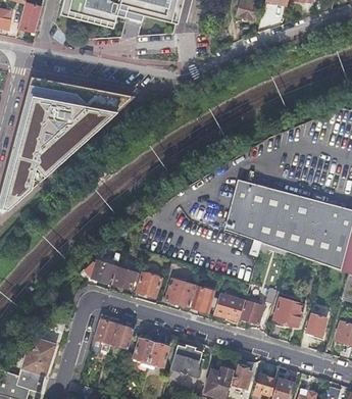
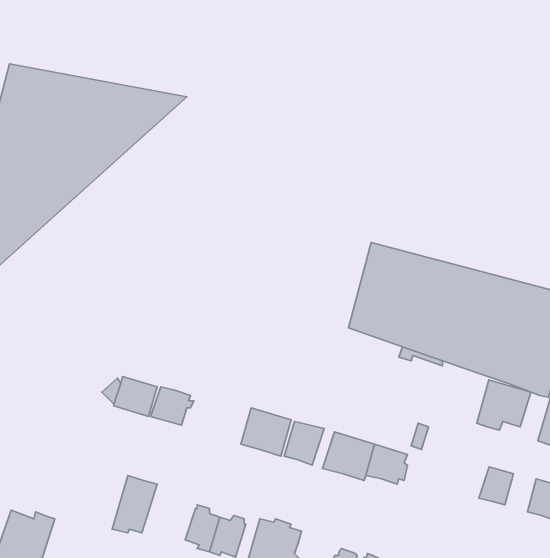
building: [136,270,160,296] -> none
building: [271,297,303,327] -> [477,380,531,430]
building: [110,322,134,347] -> none

